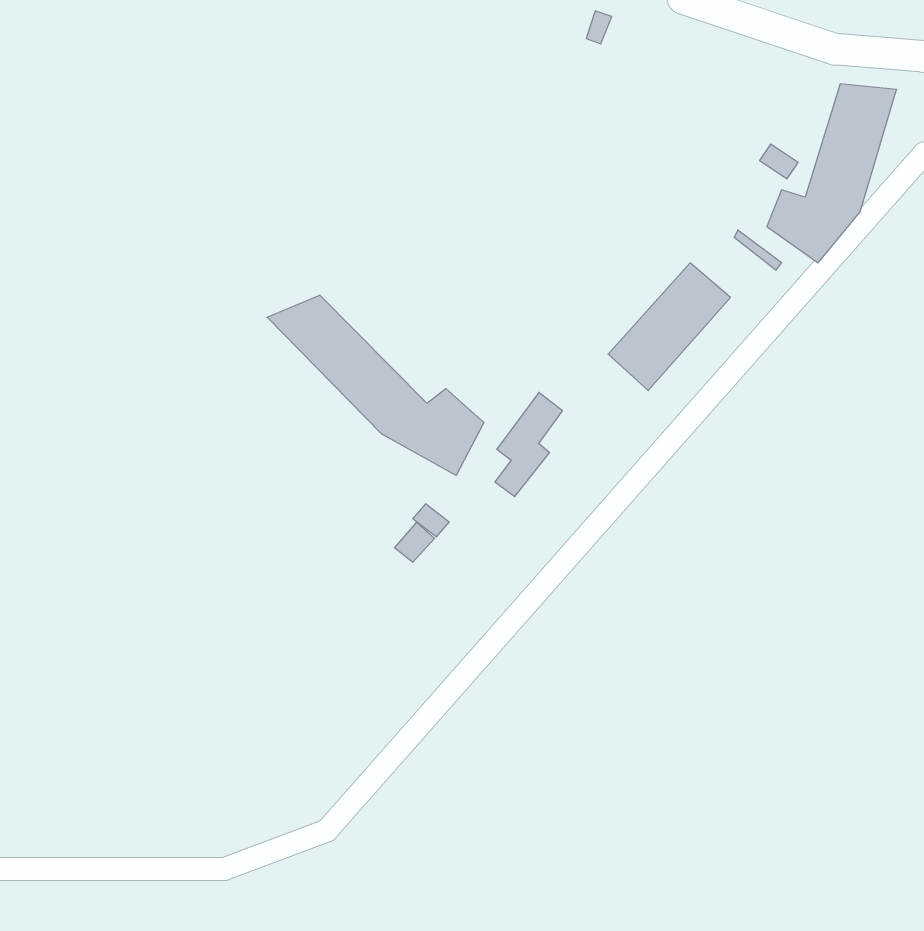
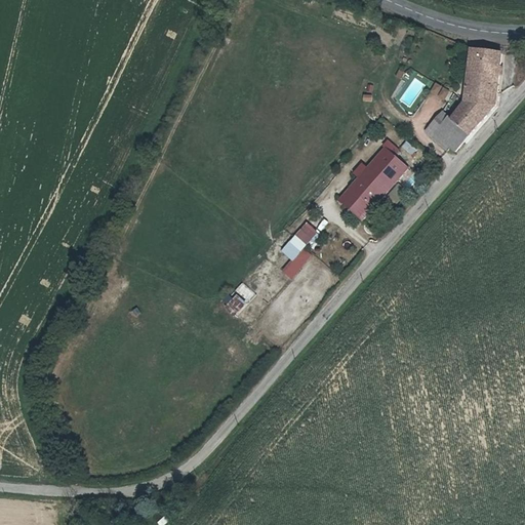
building: [267,295,484,475] -> none

